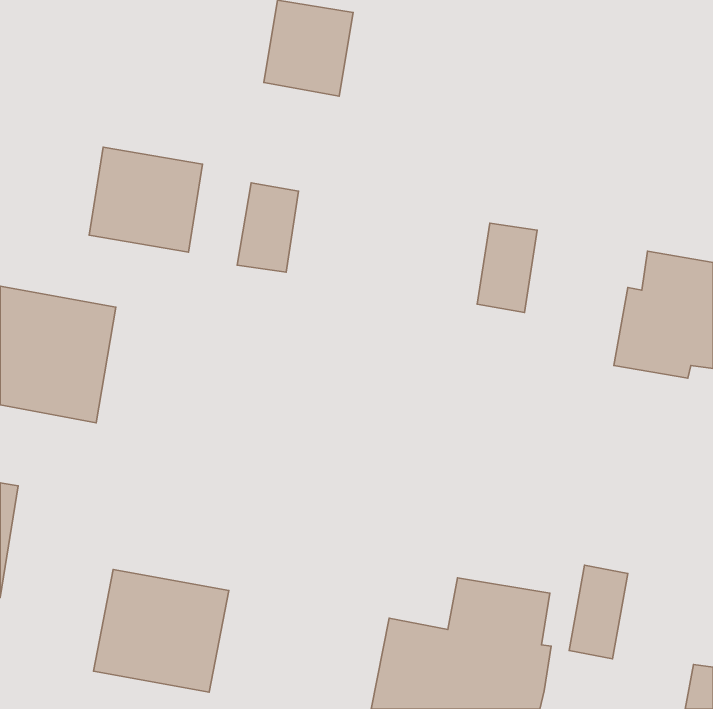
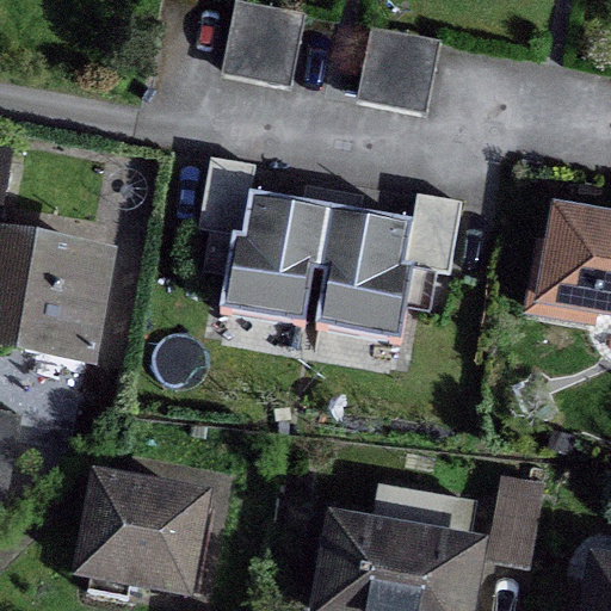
building: none -> [357,24,434,106]
building: [89,147,202,252] -> none
building: none -> [227,198,407,338]

